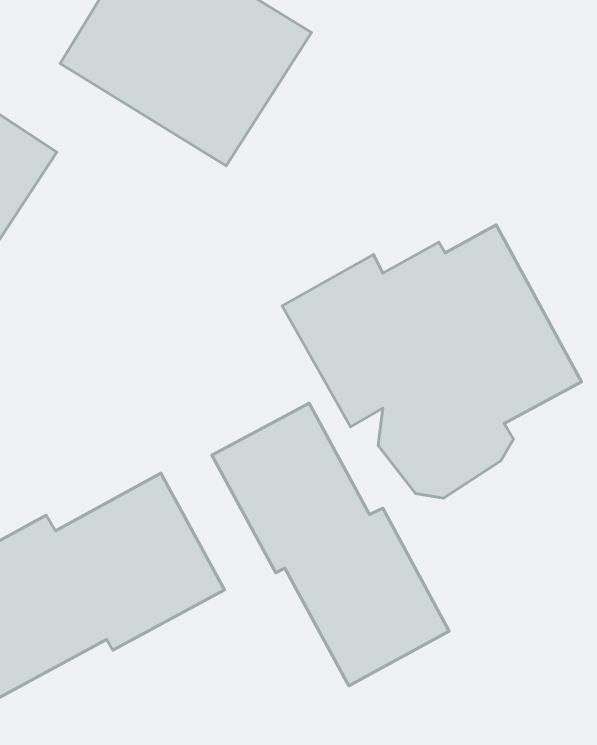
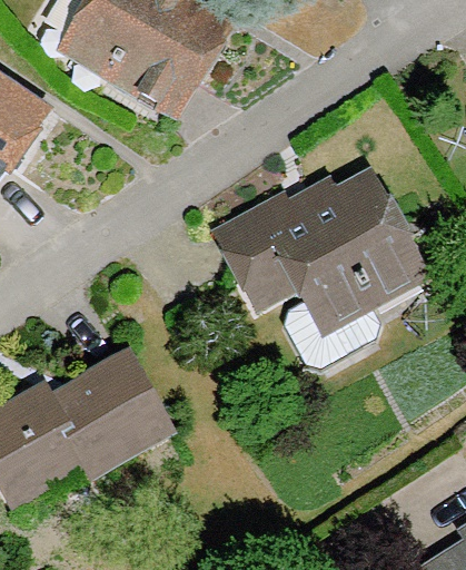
building: [212,403,449,686] -> none

